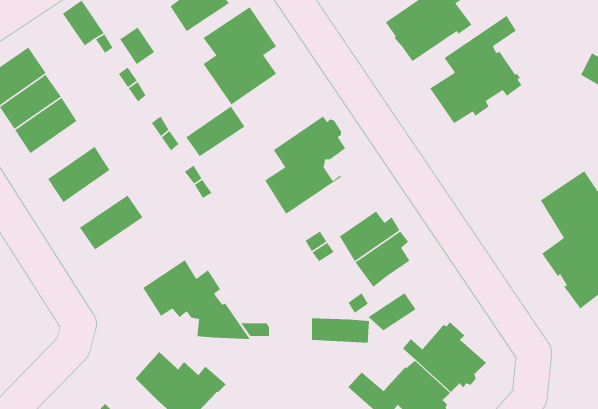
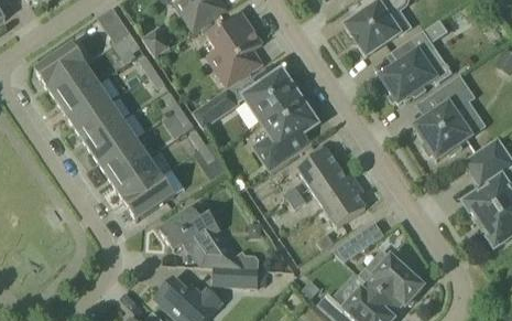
building: none -> [242,69,298,121]
building: none -> [413,73,475,158]
building: none -> [73,99,122,143]
building: none -> [98,137,148,181]
building: none -> [296,143,338,188]
building: none -> [122,173,174,220]
building: [311,317,370,343] -> [213,266,258,286]

